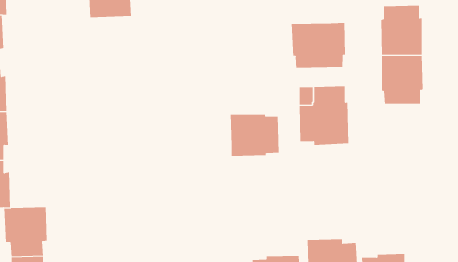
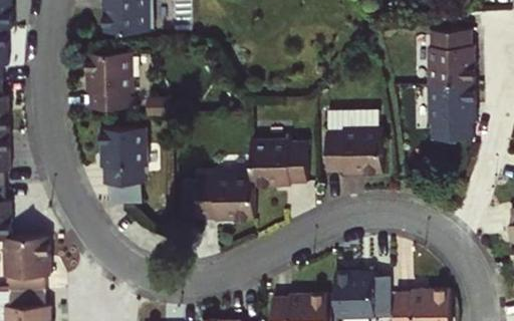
building: [291,22,346,68] -> none
building: none -> [85,57,133,112]
building: none -> [101,132,149,210]
building: none -> [185,177,257,224]

